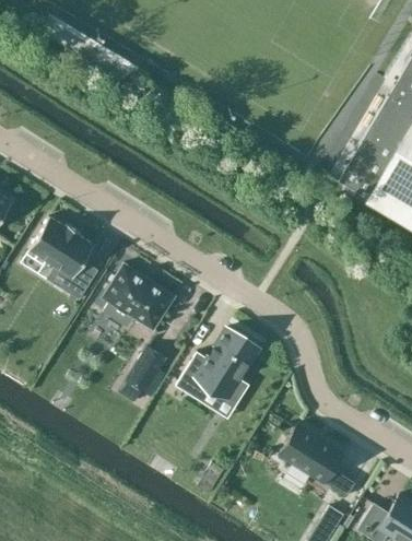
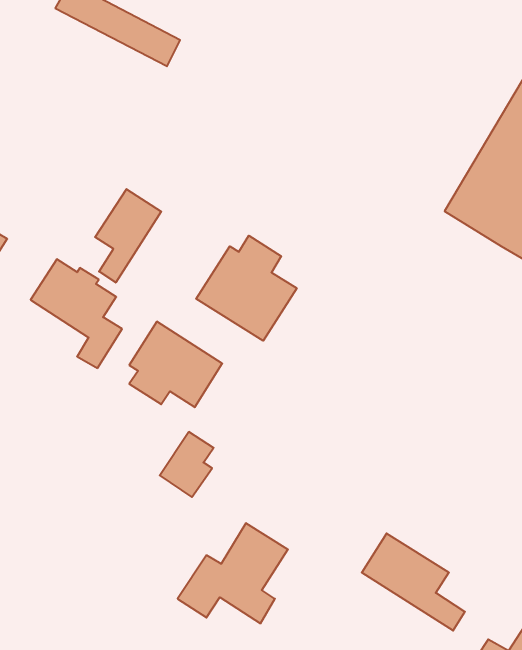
building: none -> [95,189,161,283]
building: none -> [196,236,297,341]
building: [175,329,258,404] -> [178,523,288,623]

